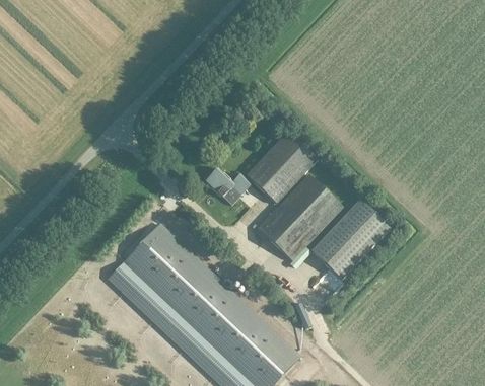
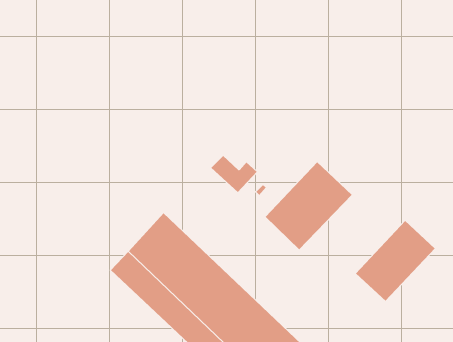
building: [247,131,318,203] -> none
building: [311,199,390,278] -> [355,220,436,302]

